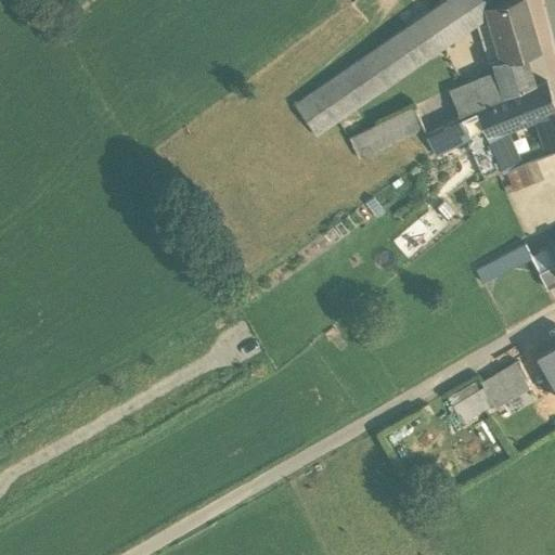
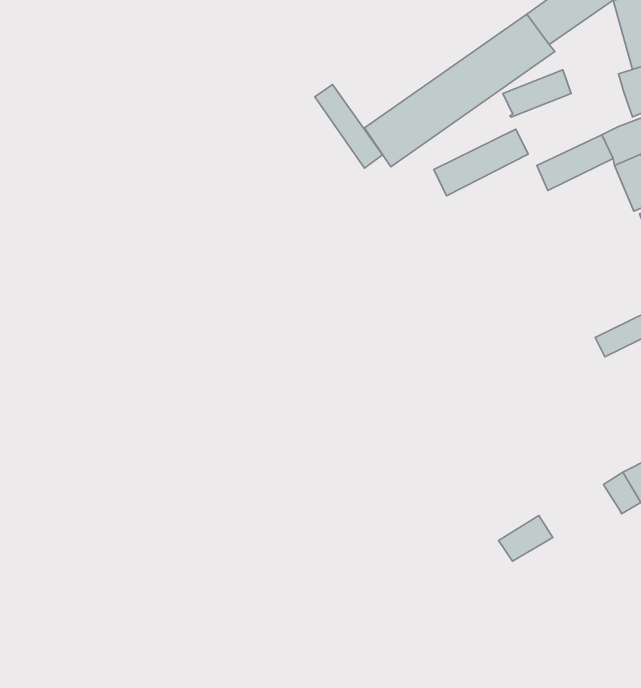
building: none -> [315,84,383,168]
building: [451,77,504,114] -> [503,70,571,117]
building: [452,386,494,422] -> [499,515,553,561]

